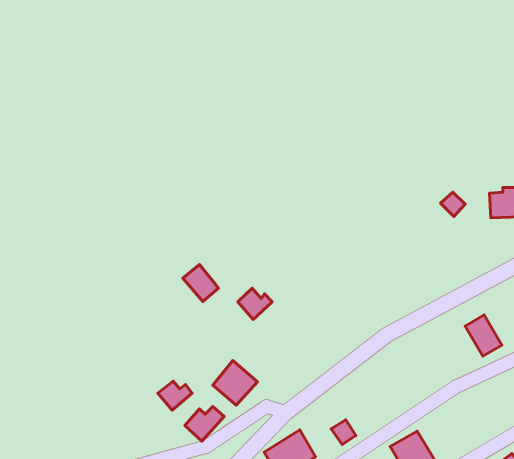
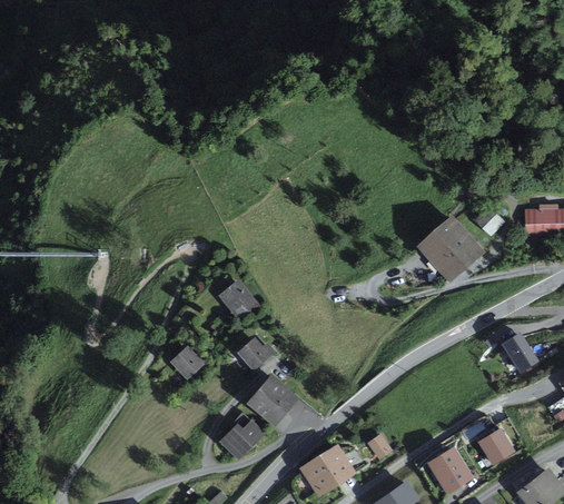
building: none -> [420,219,481,278]
building: [238,288,272,320] -> [239,338,274,369]
building: [158,381,192,410] -> [171,348,206,377]
building: none -> [478,428,515,466]

